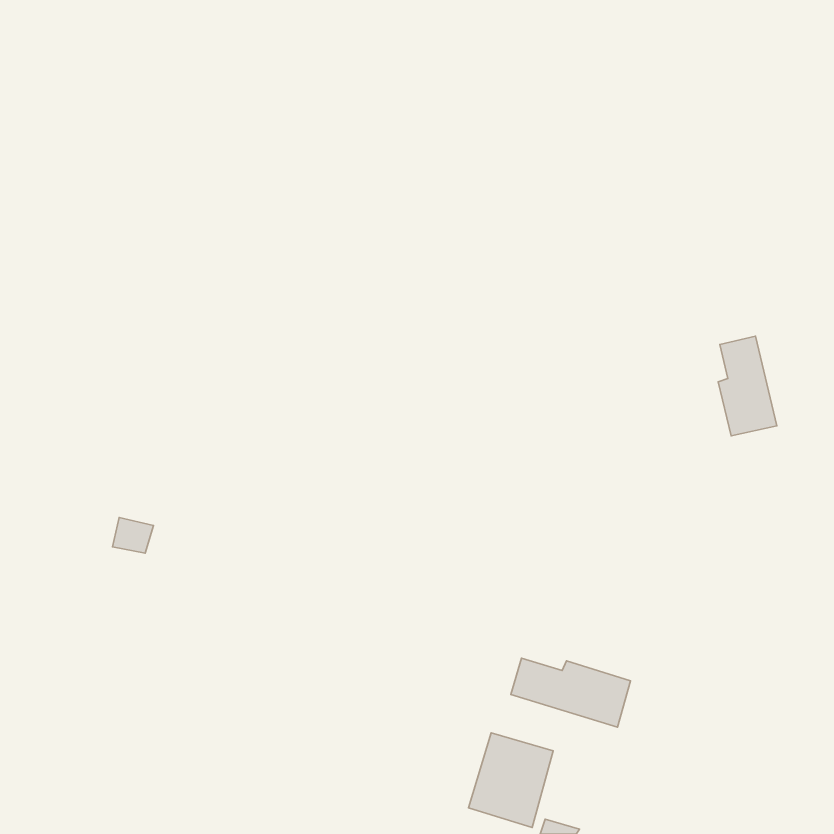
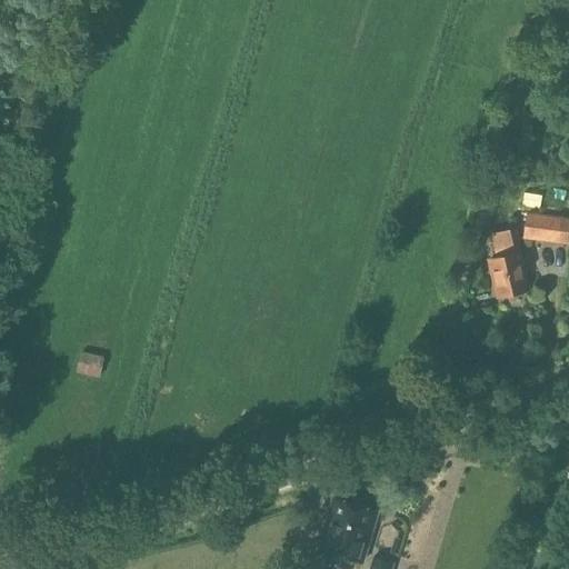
building: none -> [523,213,562,243]
building: [511,658,630,727] -> none

